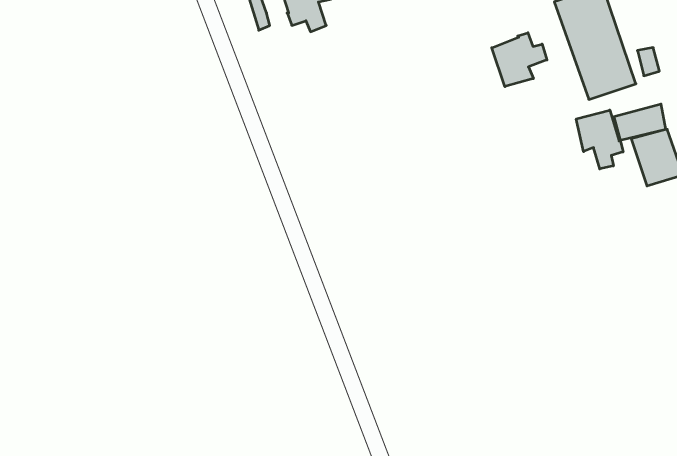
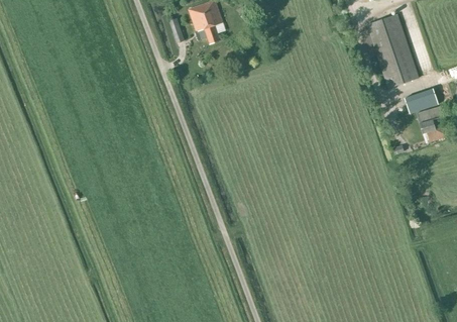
building: [492,33,547,87] -> none
building: [576,110,623,169] -> none

